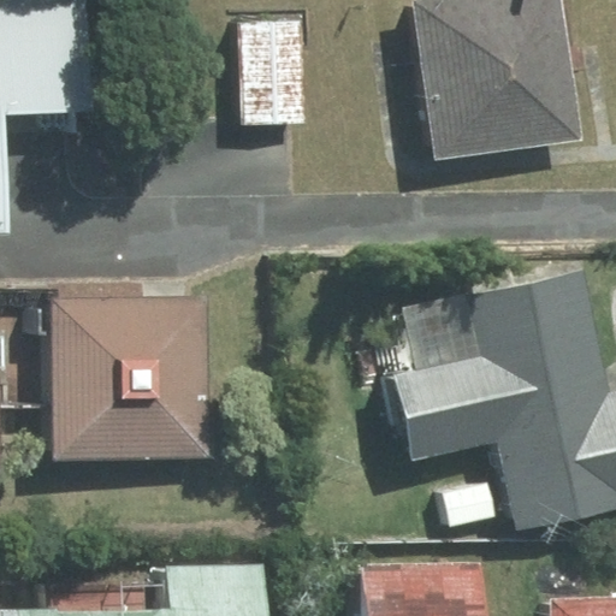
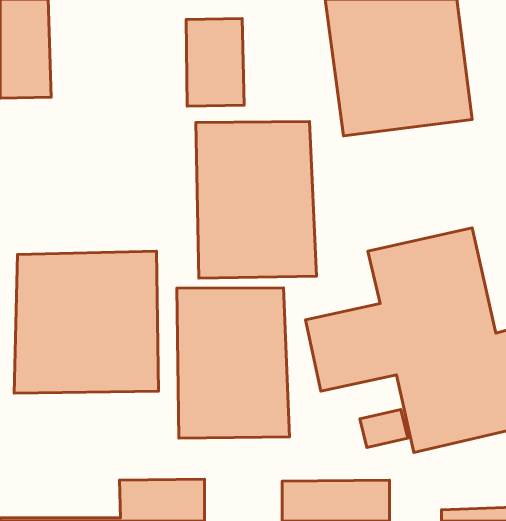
building: none -> [196,122,317,278]
building: none -> [177,288,289,438]

